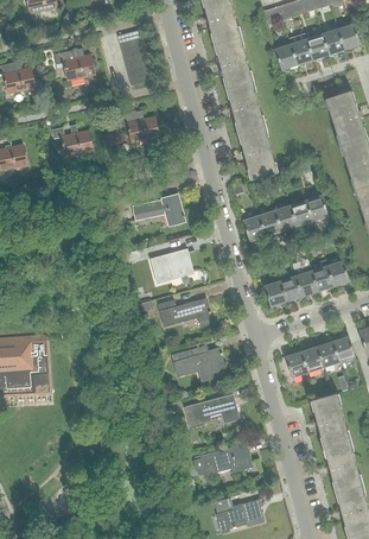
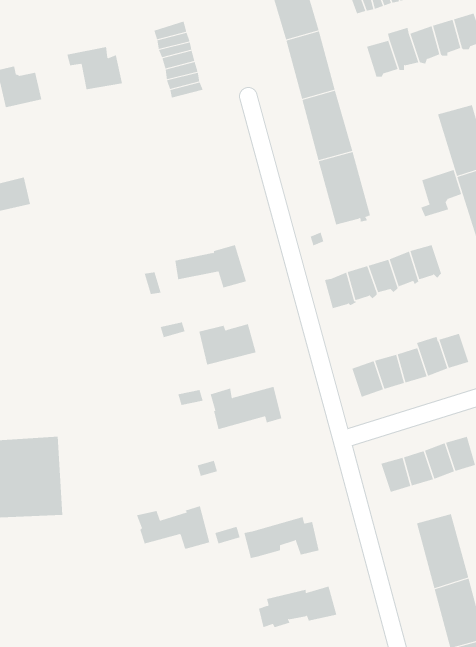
building: [119,110,159,141] -> none
building: [52,123,94,156] -> none
building: none -> [421,169,462,217]
building: [172,347,227,379] -> [136,506,210,549]

